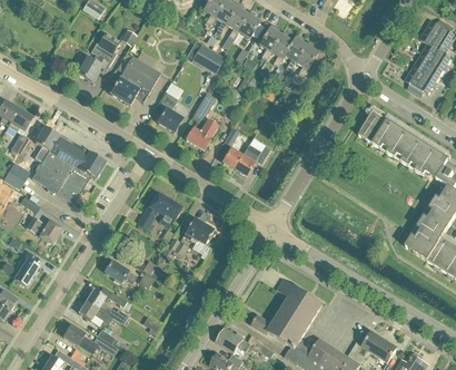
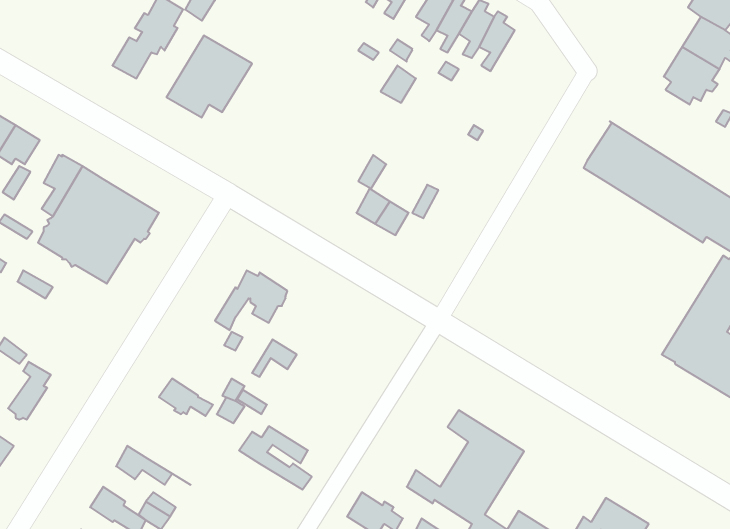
building: [192,42,225,72] -> none
building: [157,91,181,130] -> none
building: [186,91,217,148] -> none
building: [26,215,61,243] -> none
building: [184,217,215,245] -> none
building: [86,285,129,323] -> [239,426,312,490]

